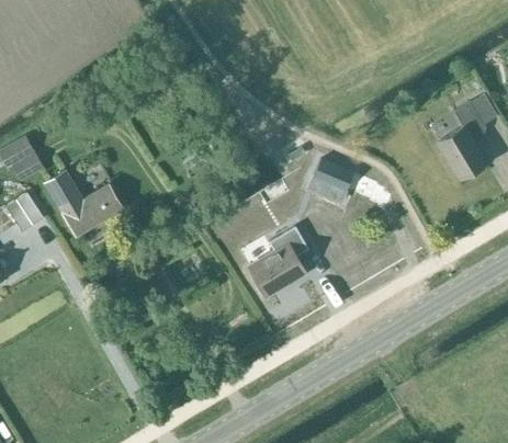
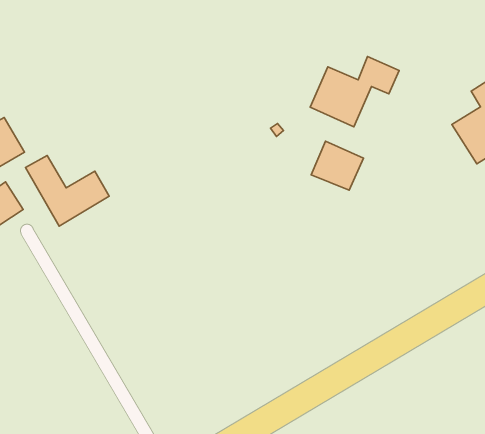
building: none -> [310,57,399,127]
building: [248,228,307,296] -> none

